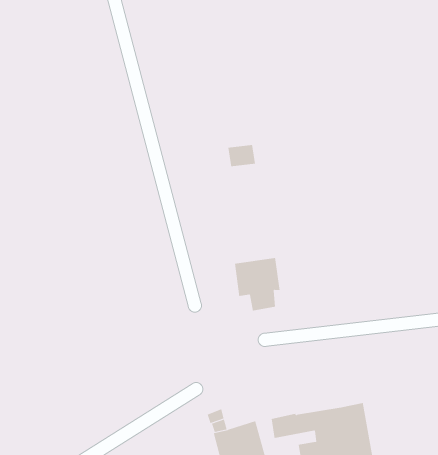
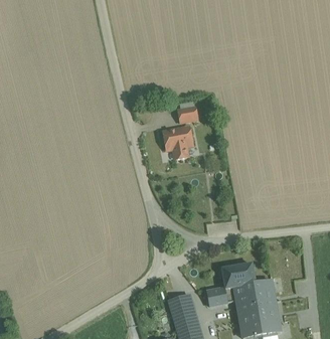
building: [234,258,280,311] -> [162,128,193,164]
building: none -> [221,263,255,288]

